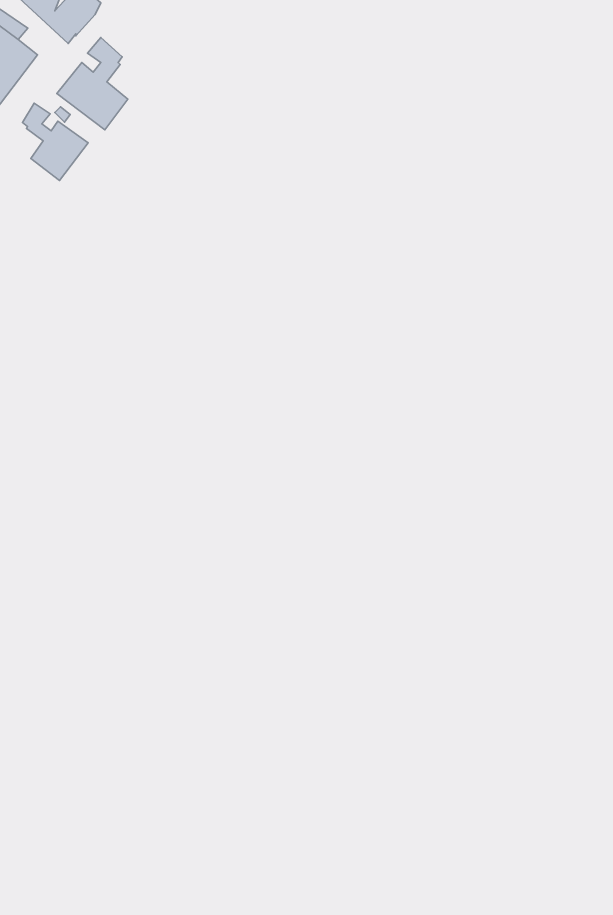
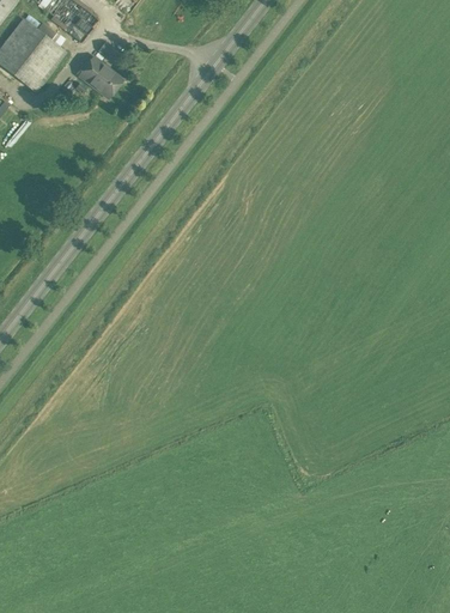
building: [22,103,88,181] -> none

